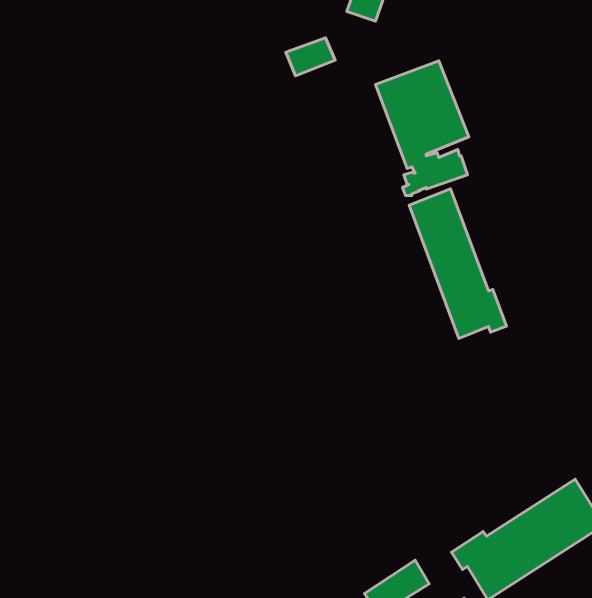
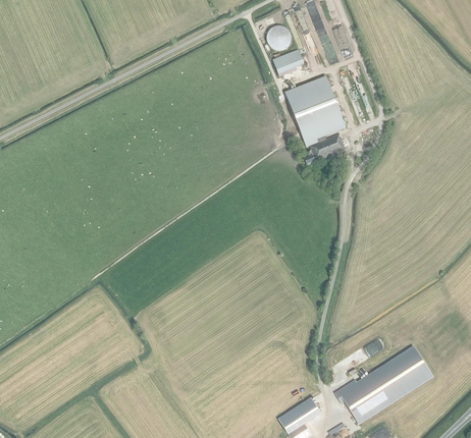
building: [286,38,335,76] -> [272,49,304,73]
building: [409,189,506,338] -> none

